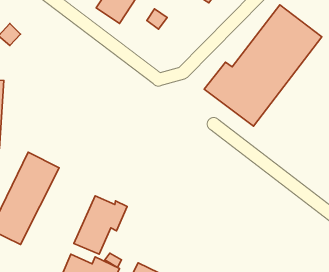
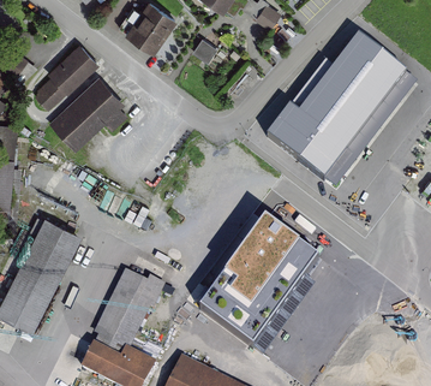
building: none -> [31,44,97,109]
building: none -> [50,75,127,149]
building: none -> [197,219,316,349]

